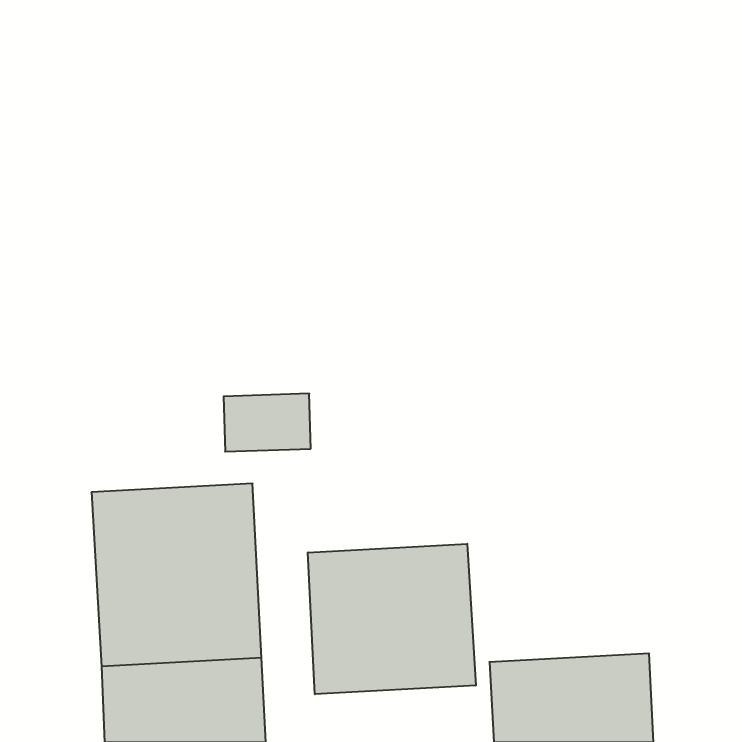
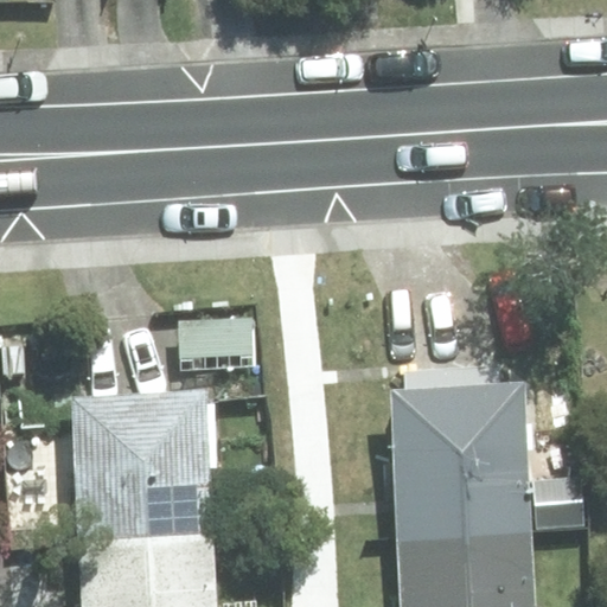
building: none -> [391,366,530,541]
building: [308,544,476,694] -> none

